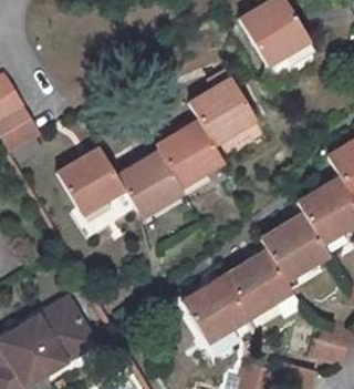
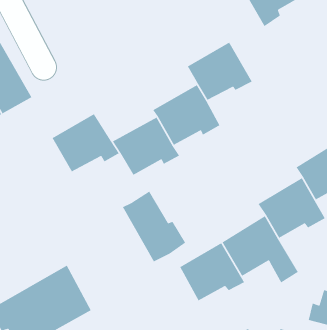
building: none -> [122,191,186,263]

